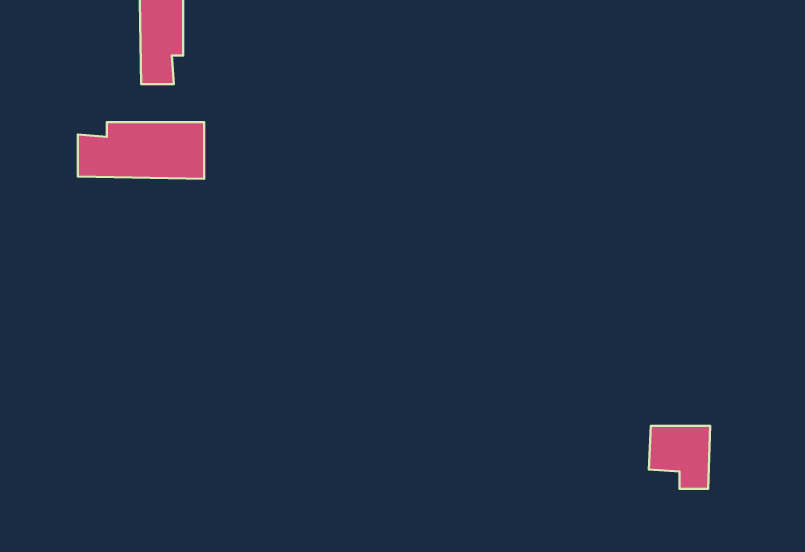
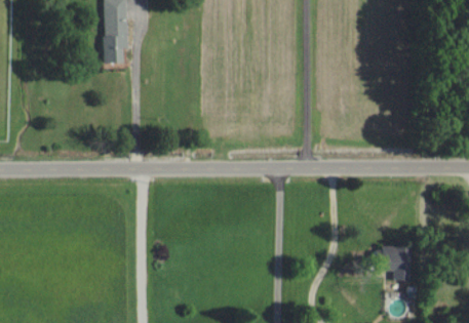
building: [78,122,204,179] -> none

